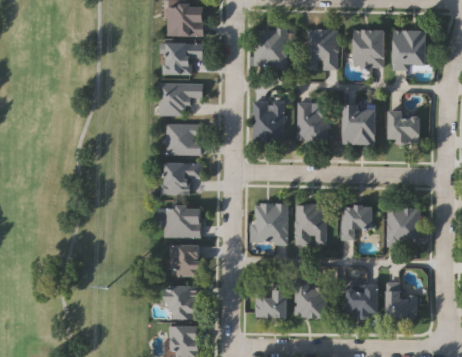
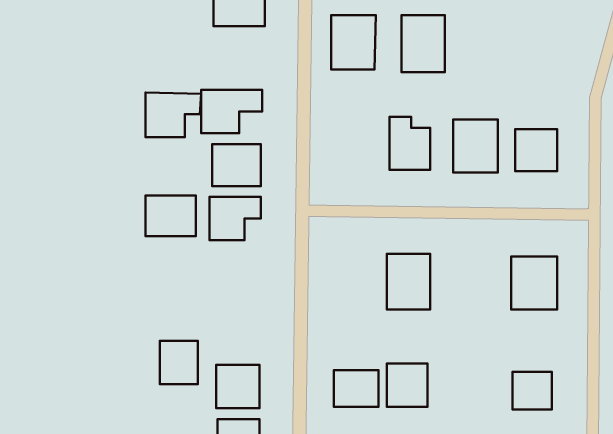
building: [353,29,384,67] -> none
building: [392,30,426,69] -> none
building: [163,42,204,75] -> [146,93,201,137]
building: [252,101,282,142] -> none
building: [251,203,287,243] -> none
building: [164,205,201,235] -> [146,195,196,236]
building: [341,205,373,239] -> none
building: [172,244,200,276] -> [160,341,198,384]
building: [348,284,379,316] -> none

